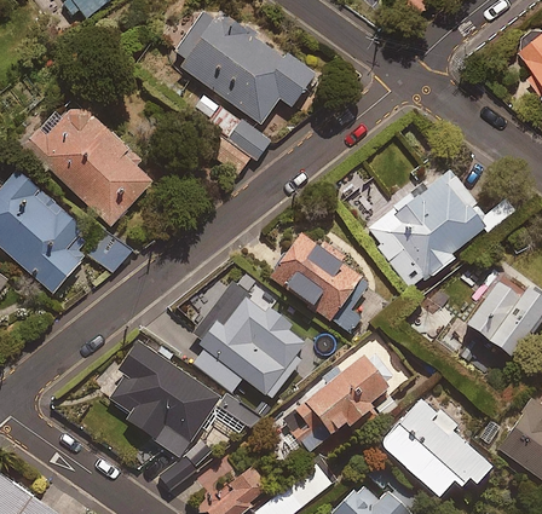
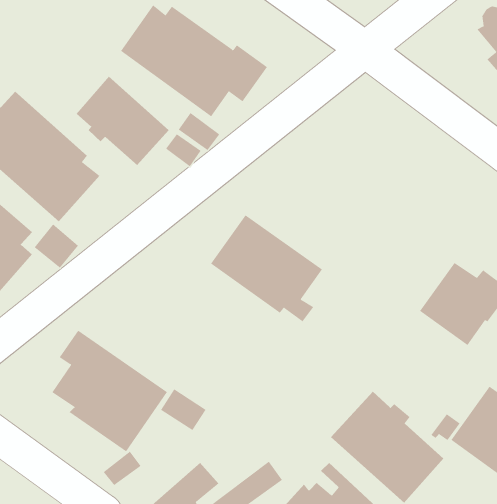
building: none -> [76,76,170,166]
building: [365,164,489,278] -> none
building: [189,277,304,397] -> none
building: [279,348,390,451] -> none

